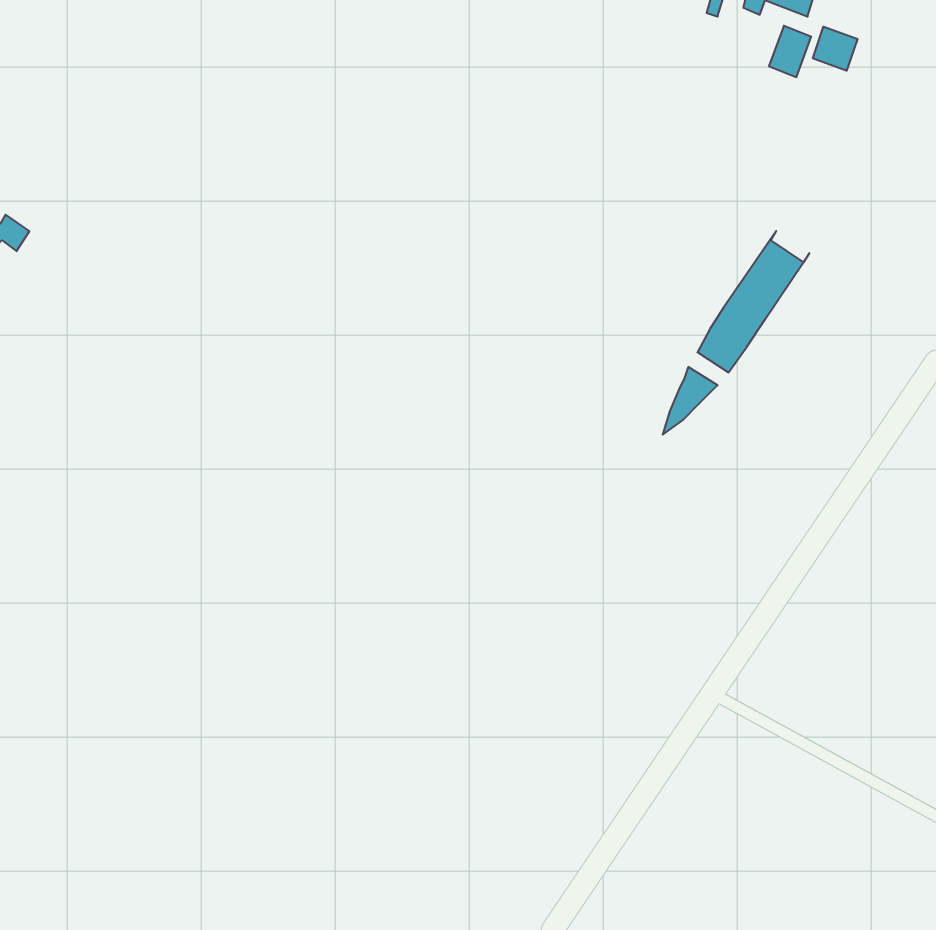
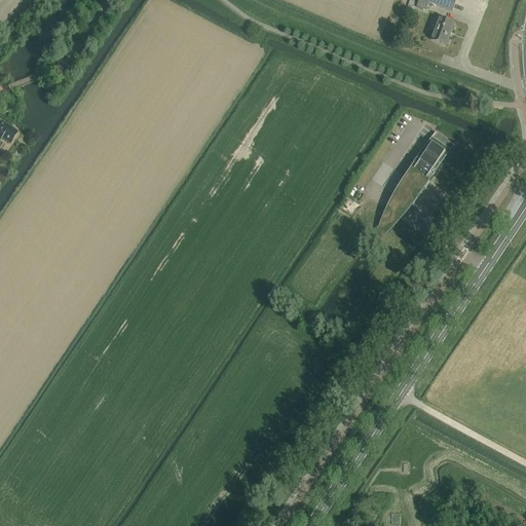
building: [813,27,857,71] -> none

